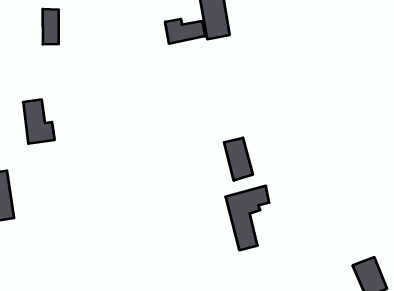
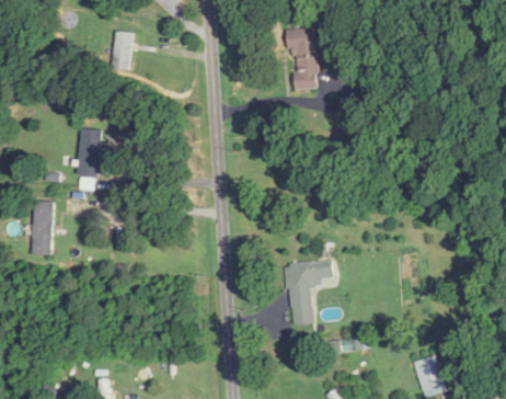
building: [165,19,205,44] -> none
building: [224,138,253,181] -> none

